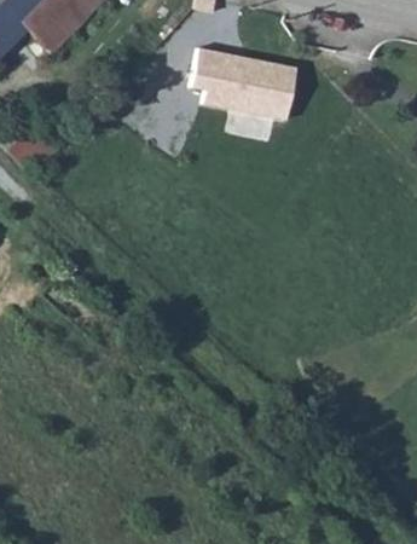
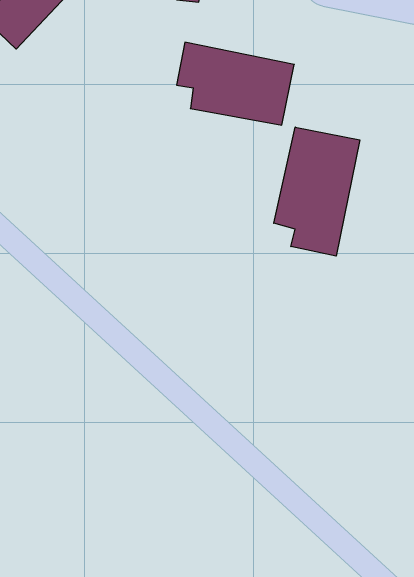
building: none -> [274,127,360,256]

